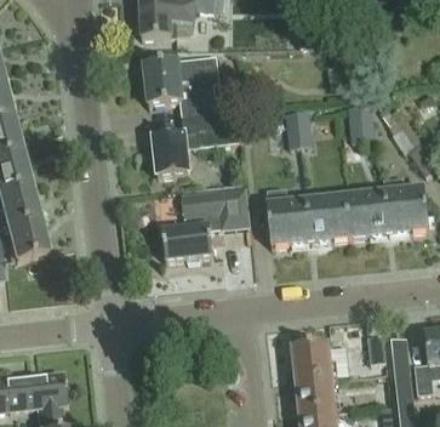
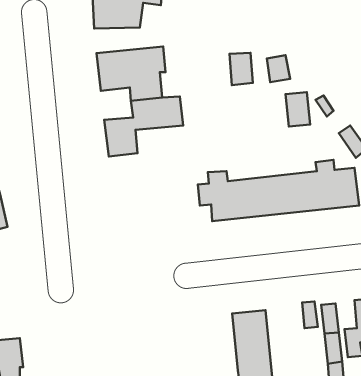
building: [288,113,314,148] -> [230,53,253,85]
building: [162,188,251,261] -> none

